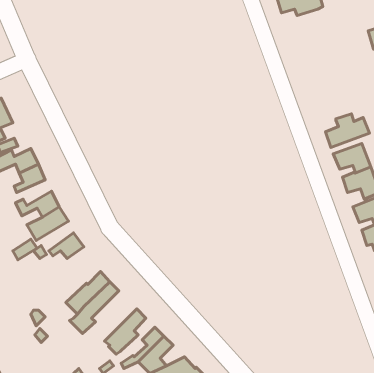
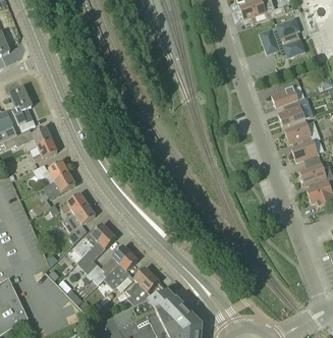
building: none -> [259,16,306,58]
building: none -> [271,78,299,107]
building: none -> [68,204,95,242]
building: none -> [87,245,129,283]

